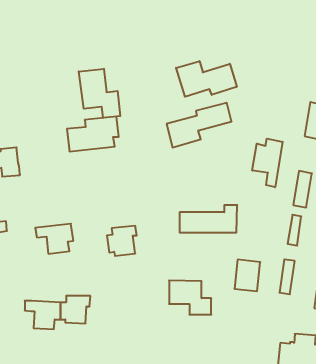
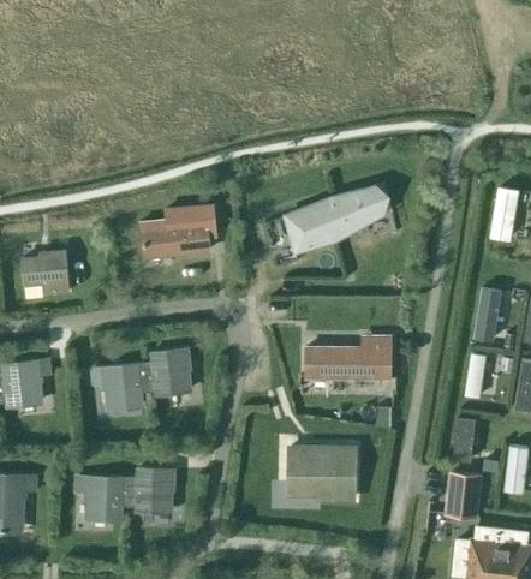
building: [176,61,237,97] -> none
building: [79,69,120,118] -> none
building: [252,139,283,187] -> none
building: [107,226,137,256] -> [145,350,190,394]
building: [234,260,260,291] -> [445,472,483,519]

